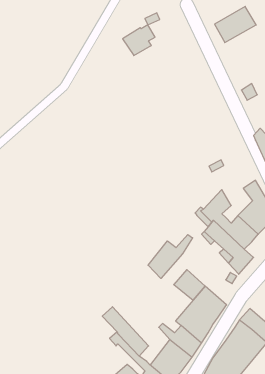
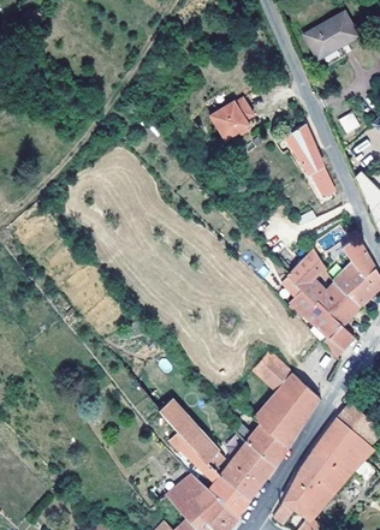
building: [123,25,155,56] -> [210,99,253,138]
building: none -> [285,125,336,198]
building: [148,235,193,278] -> none

